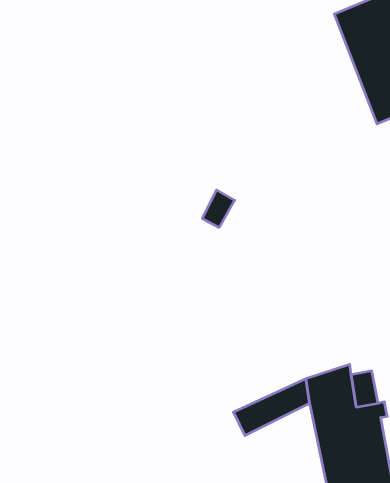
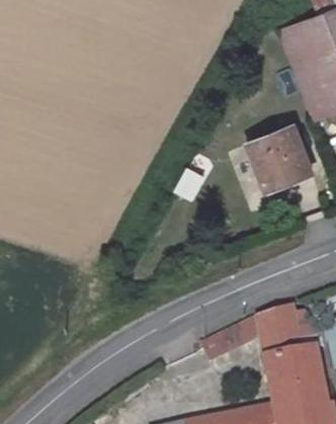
building: none -> [248,124,314,188]

